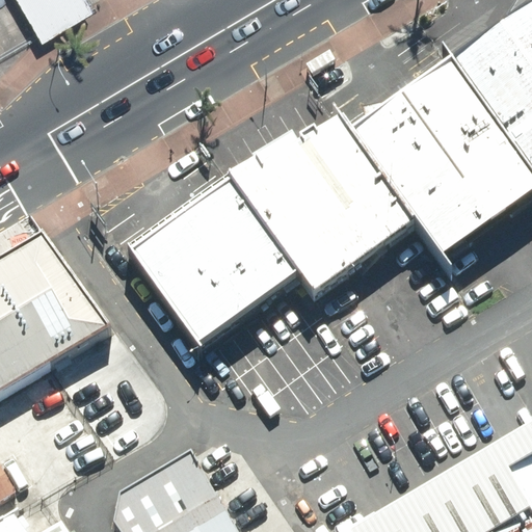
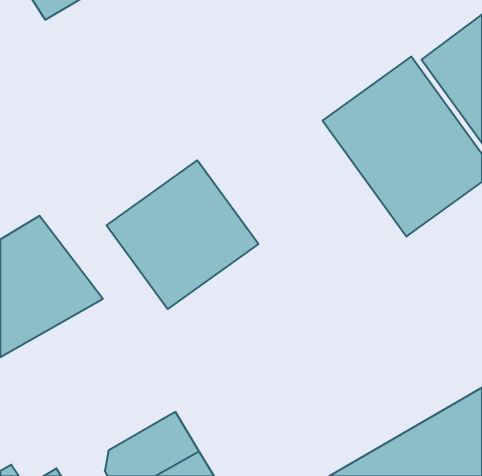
building: [224,102,413,293] -> none

